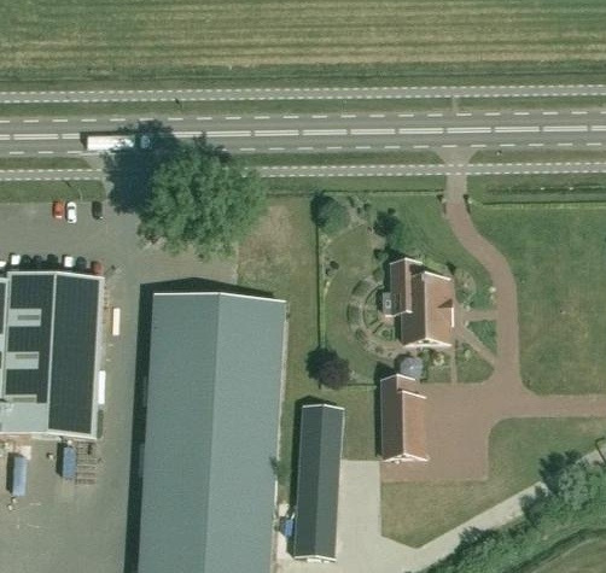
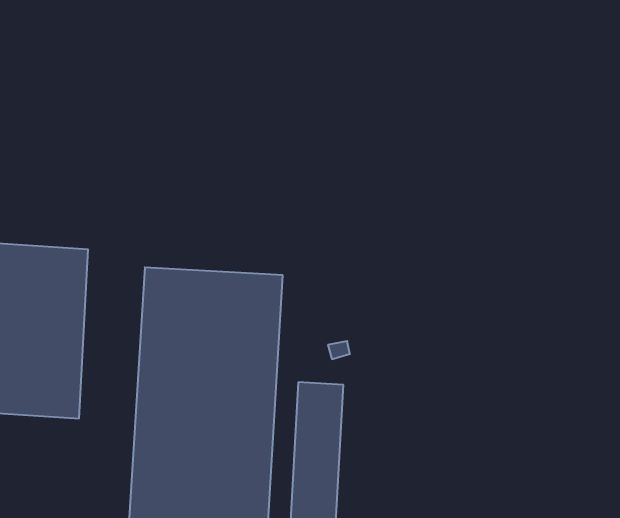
building: [383,262,450,340] -> none
building: [383,378,425,454] -> none

